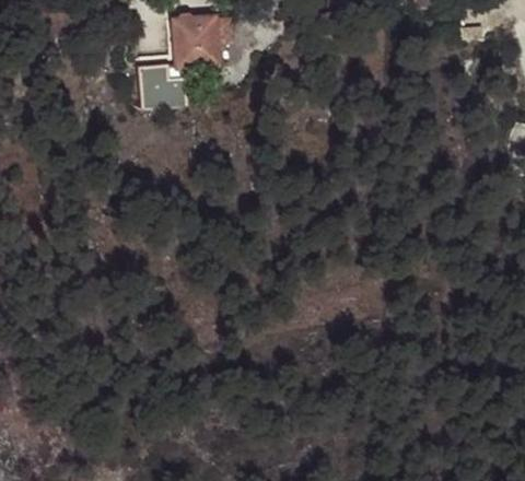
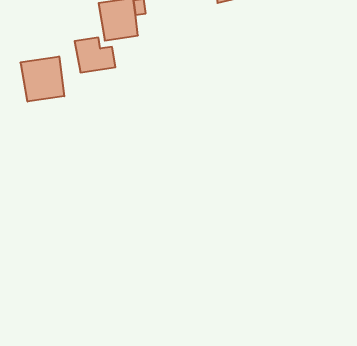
building: none -> [21,56,64,102]

